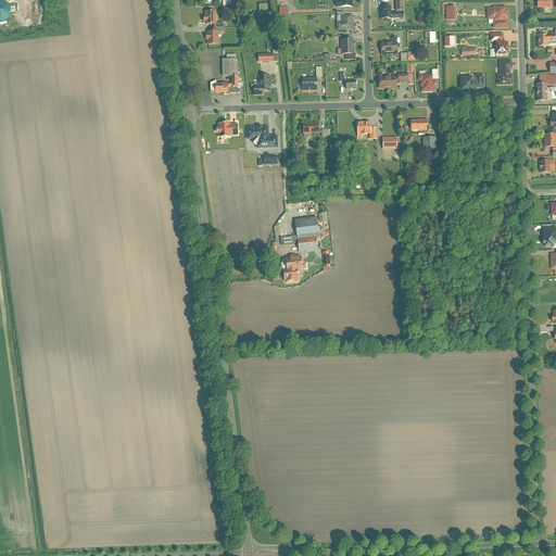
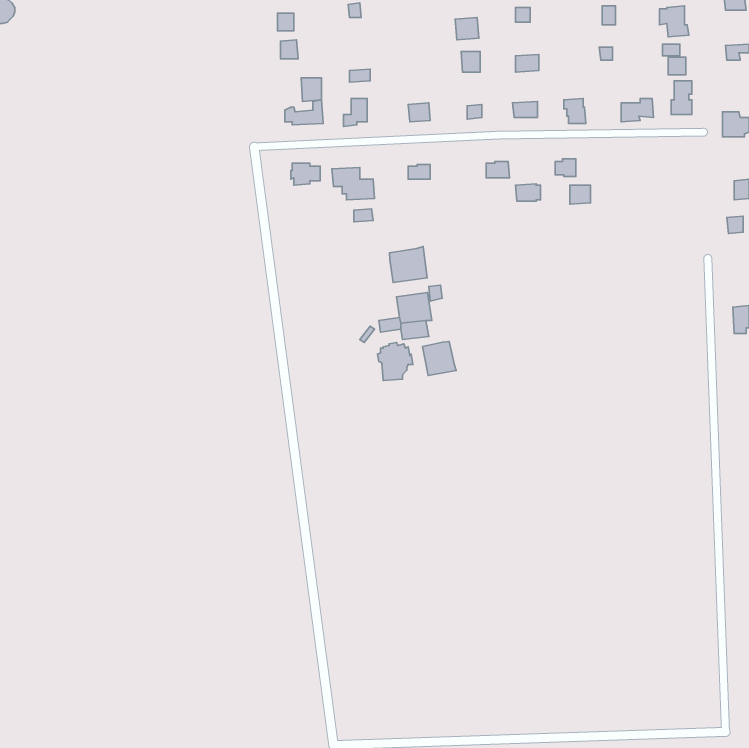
building: none -> [390,247,427,283]
building: none -> [422,342,456,376]

